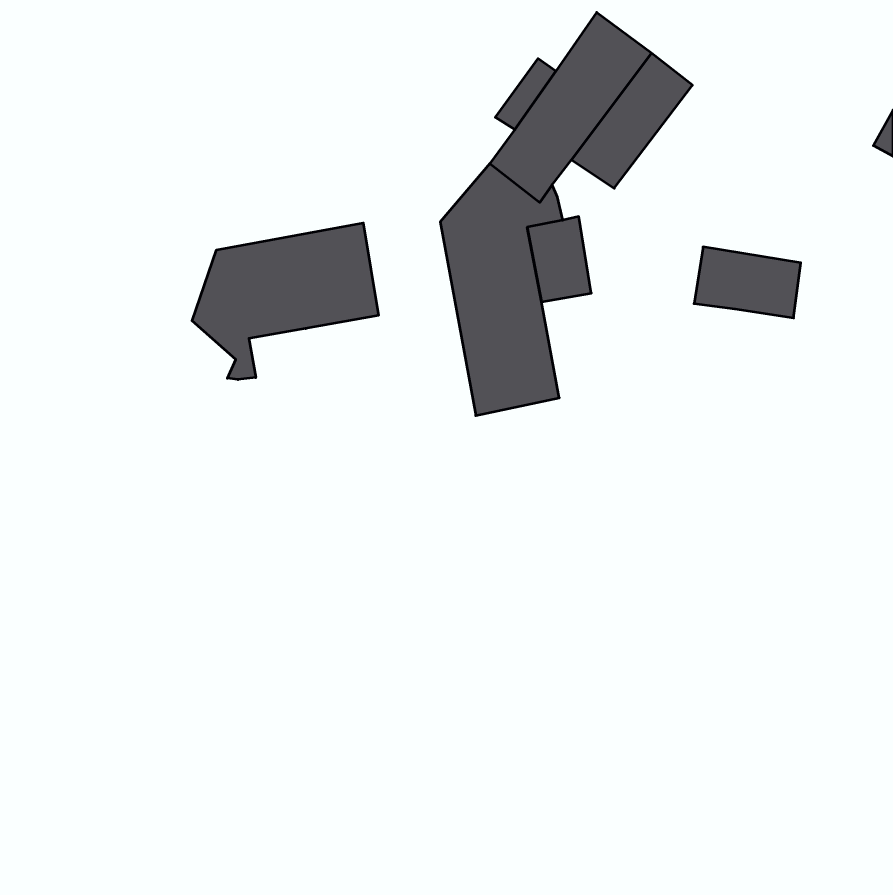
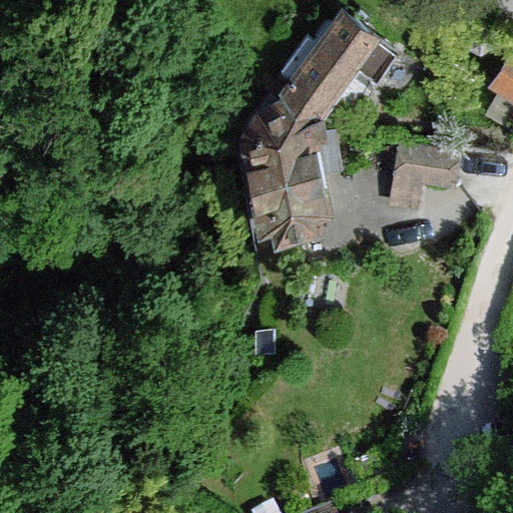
building: [192,223,378,380] -> none

